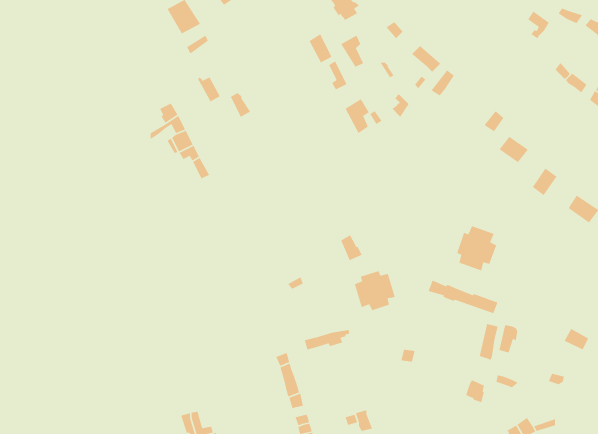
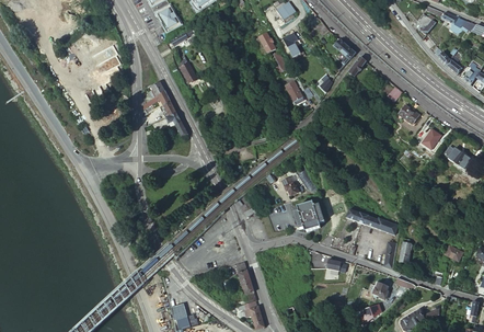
building: [456,225,497,272] -> none

